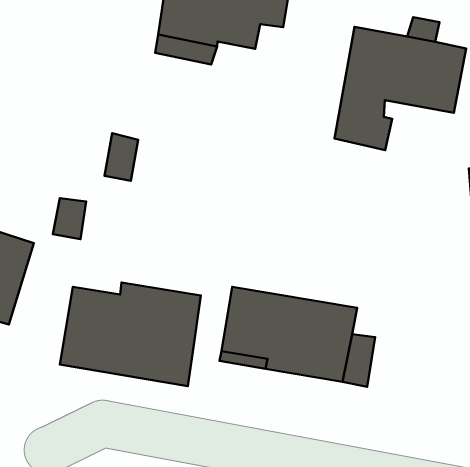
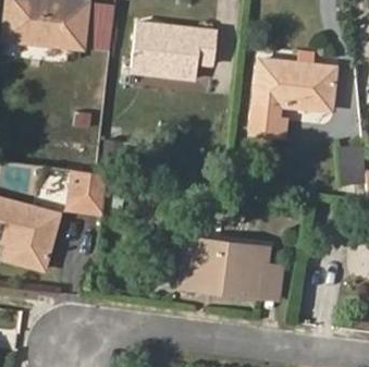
building: none -> [73,169,110,211]
building: [60,282,201,386] -> none

